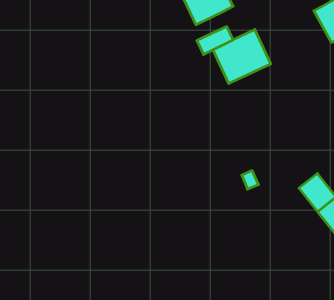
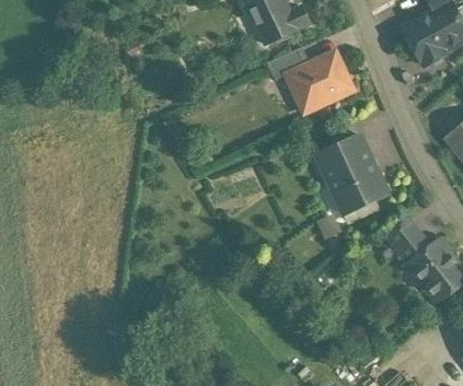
building: none -> [317,136,389,213]

